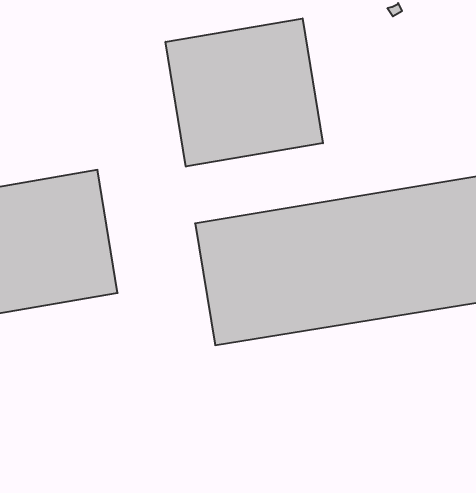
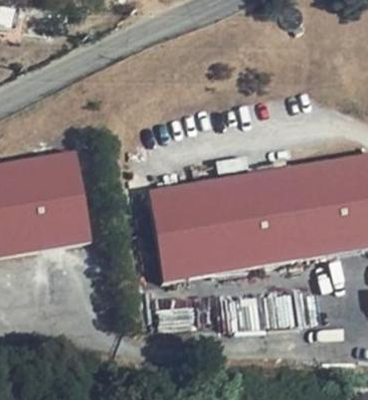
building: [166,18,323,167] -> none

